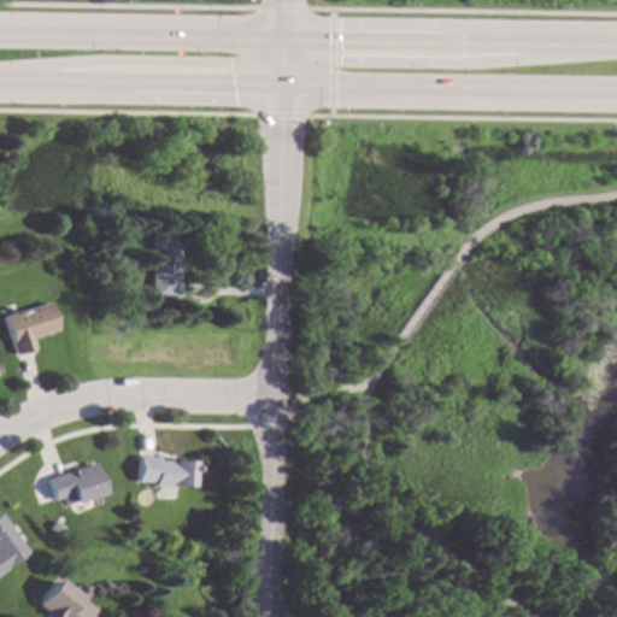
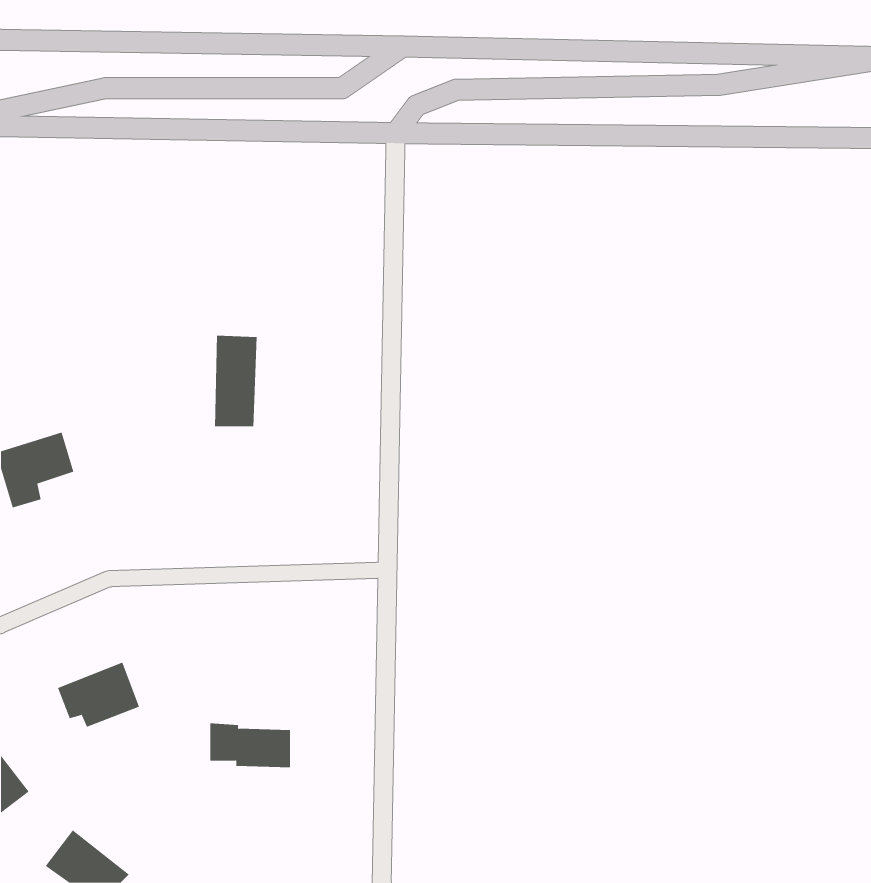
building: [141,456,198,487] -> [210,723,291,768]

